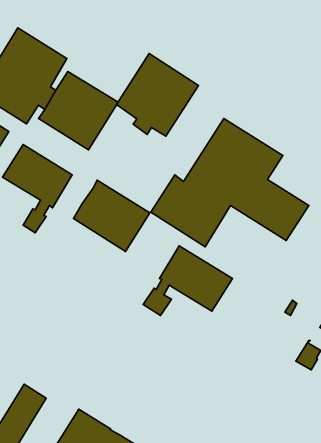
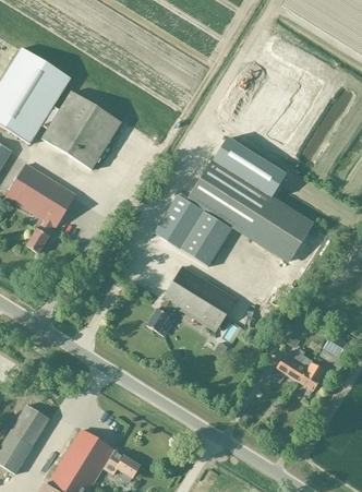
building: [117,54,198,136] -> none
building: [73,180,150,252] -> none
building: none -> [277,349,312,381]

